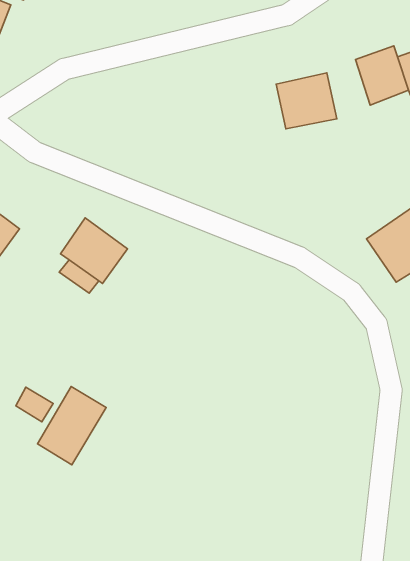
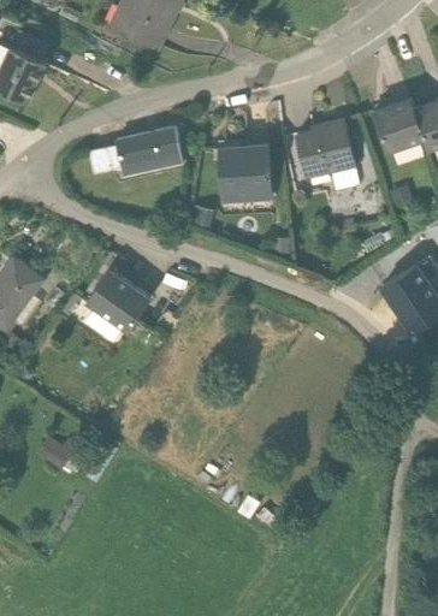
building: none -> [114,128,183,178]
building: none -> [218,144,272,206]
building: [38,386,106,465] -> none

